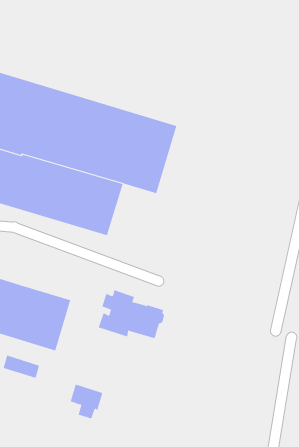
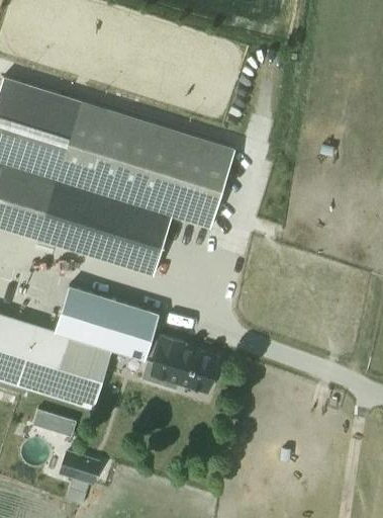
building: none -> [55,287,160,361]
building: [70,384,103,419] -> [61,454,99,495]

